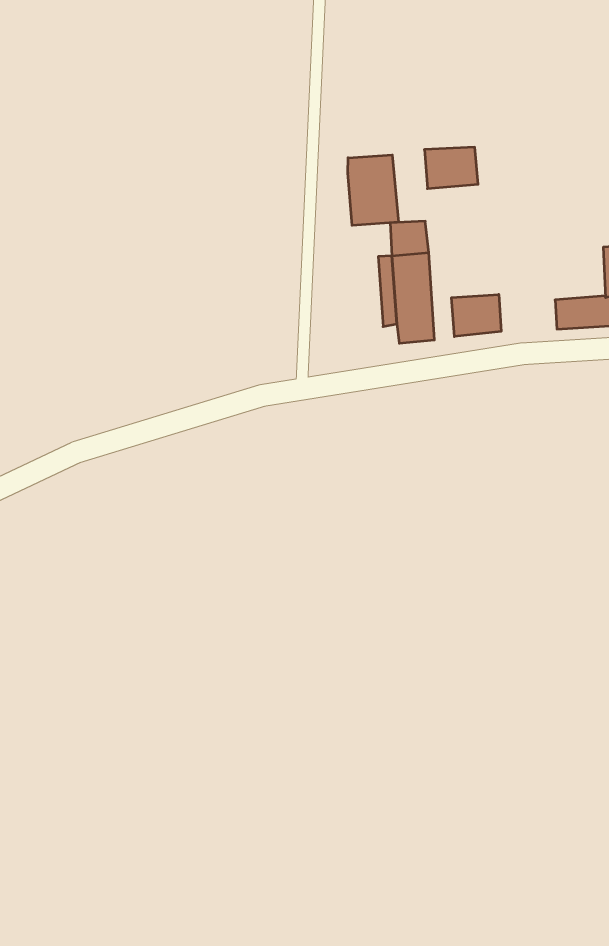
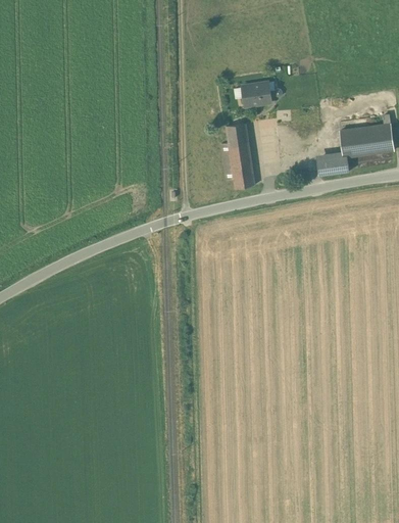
building: [348,155,399,225] -> none
building: [452,294,501,337] -> none

